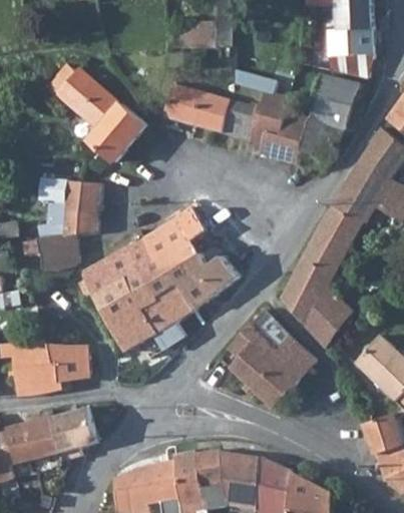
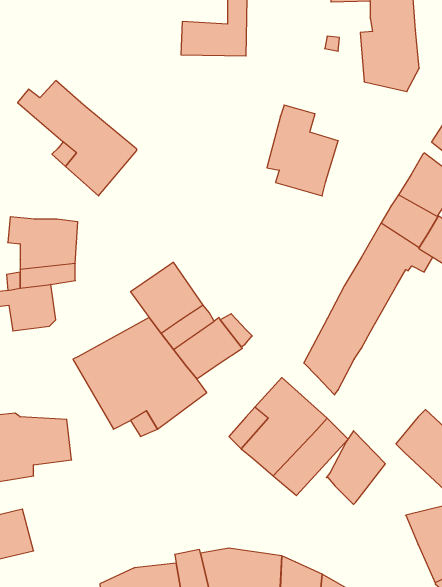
building: [299,73,361,158] -> none
building: [162,81,262,138] -> none
building: [80,239,154,295] -> none
building: [306,286,354,346] -> [326,431,385,504]
building: [51,408,95,462] -> none

